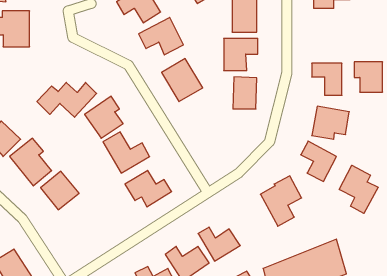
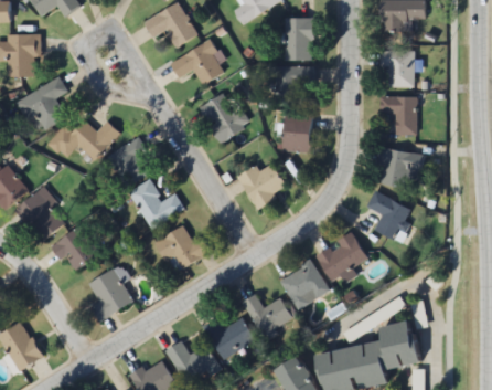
building: none -> [18,76,67,131]
building: [354,62,383,92] -> [379,51,414,87]
building: none -> [237,164,288,209]
building: [339,165,378,213] -> none
building: none -> [279,261,329,310]
building: none -> [89,270,132,322]

